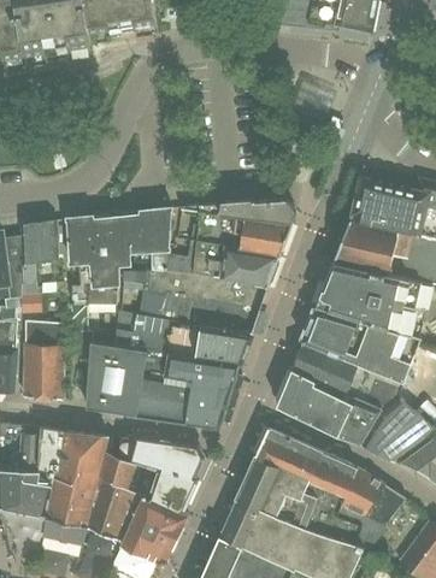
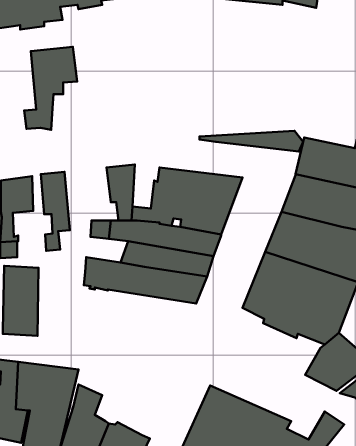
building: [181,200,296,223] -> [200,131,303,151]
building: [86,212,145,305] -> [24,47,77,130]
building: [87,338,240,429] -> none
building: [277,368,383,443] -> none
building: [255,427,383,515] -> none
building: [117,436,202,511] -> none

